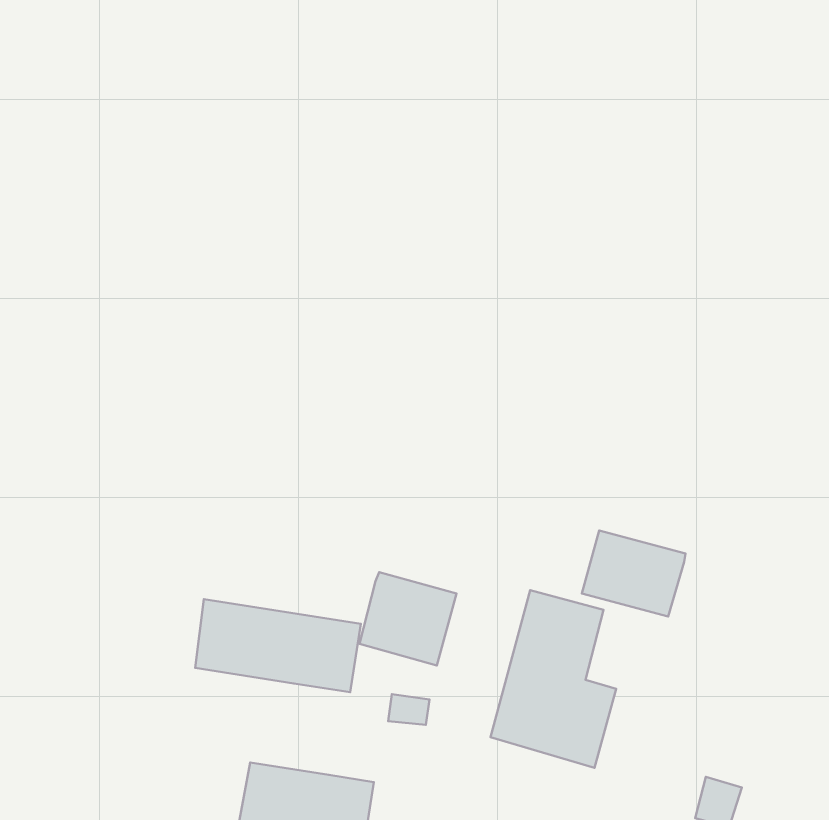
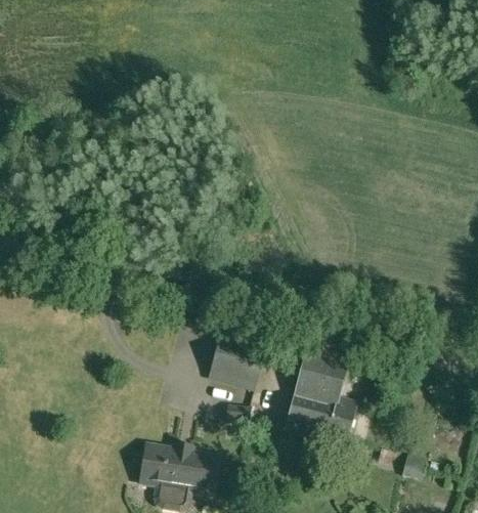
building: [582,530,685,617] -> none
building: [195,599,361,692] -> none

